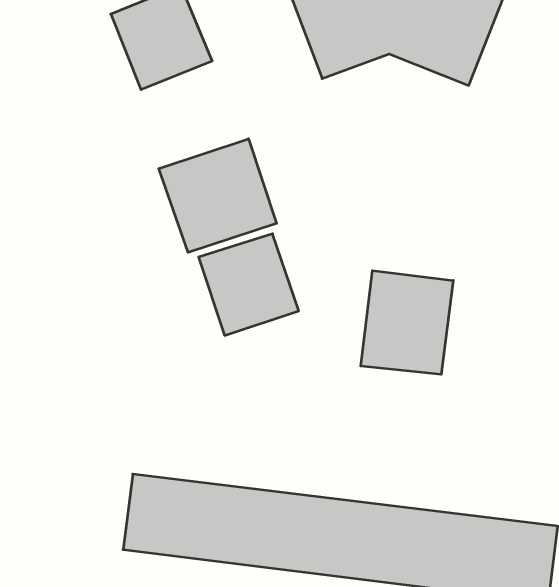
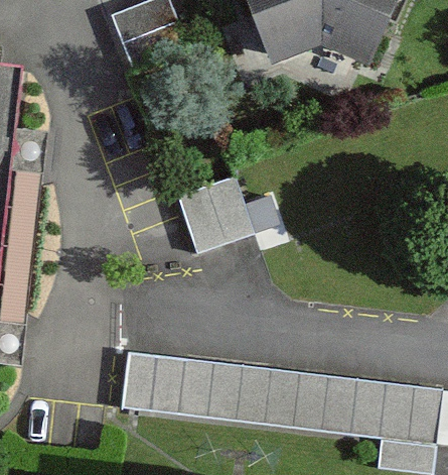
building: [159,139,277,252] -> none
building: [361,271,453,374] -> none

